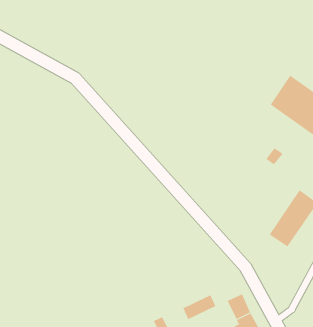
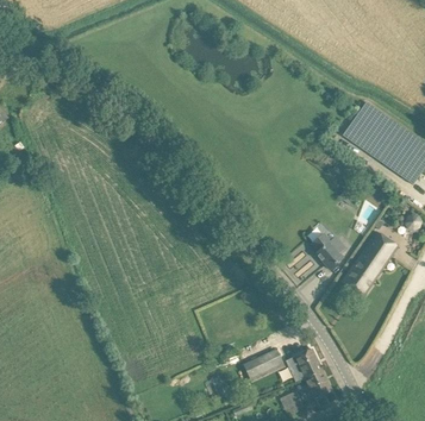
building: none -> [312,233,344,269]

